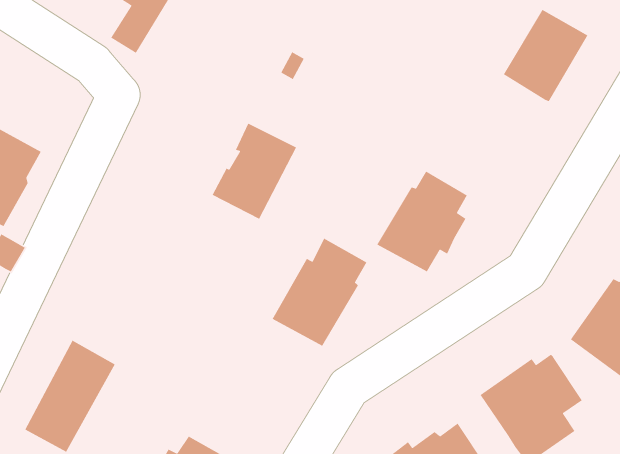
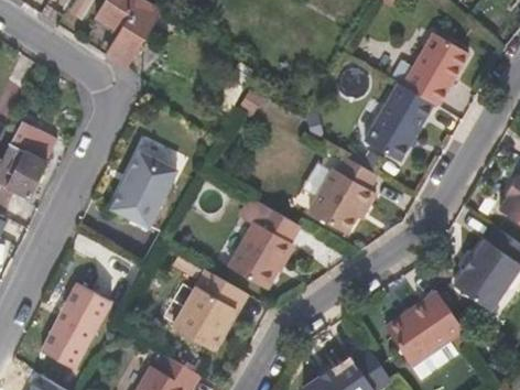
building: none -> [364,80,435,161]
building: [211,122,297,220] -> [111,153,176,227]
building: none -> [172,270,246,351]

